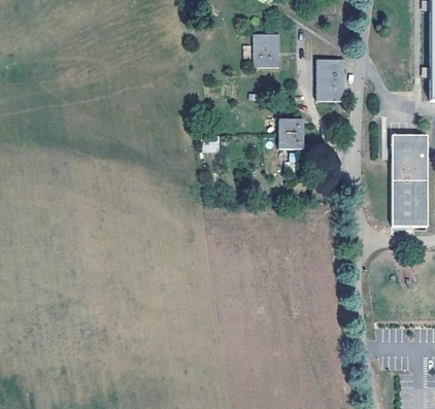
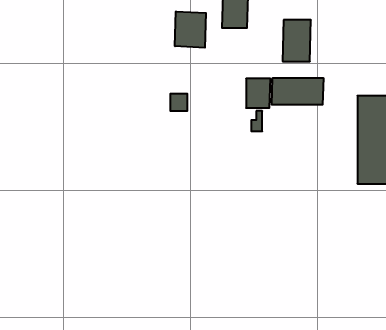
building: none -> [175,11,206,48]
building: none -> [272,78,323,105]

